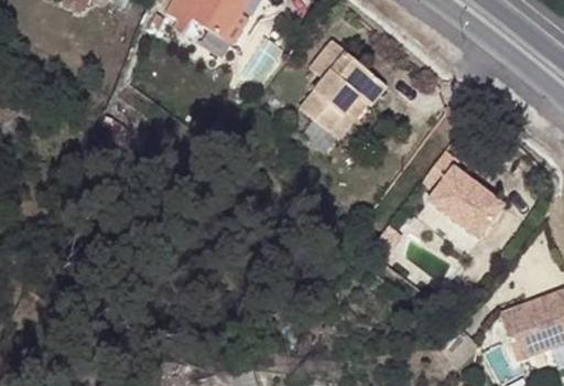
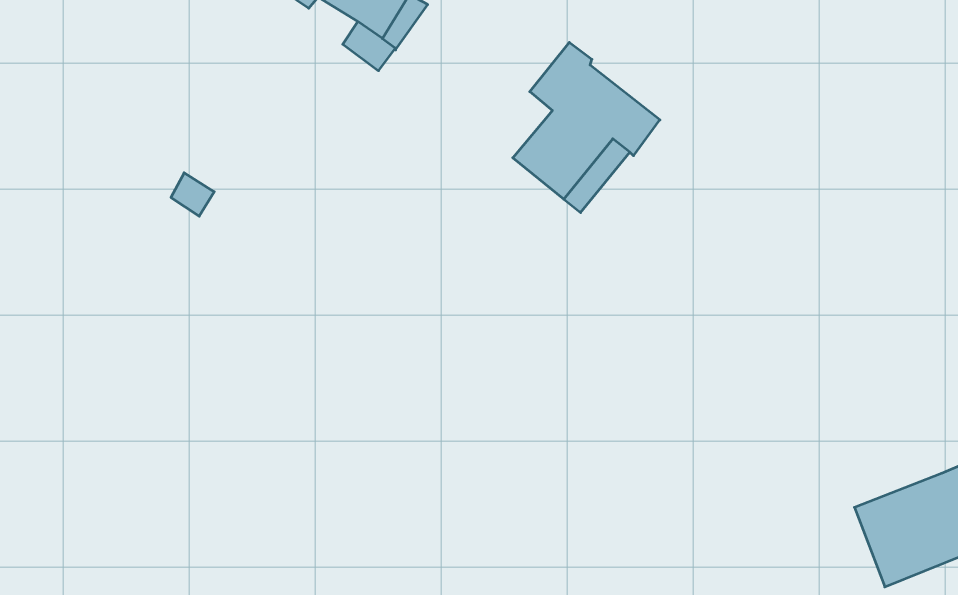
building: [423,150,502,237] -> none

